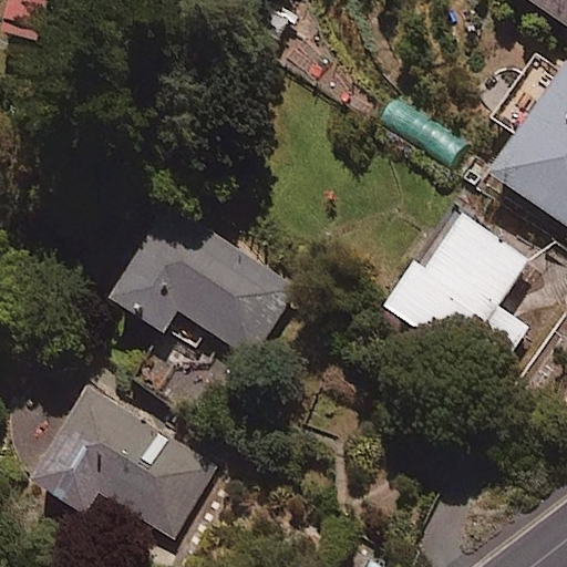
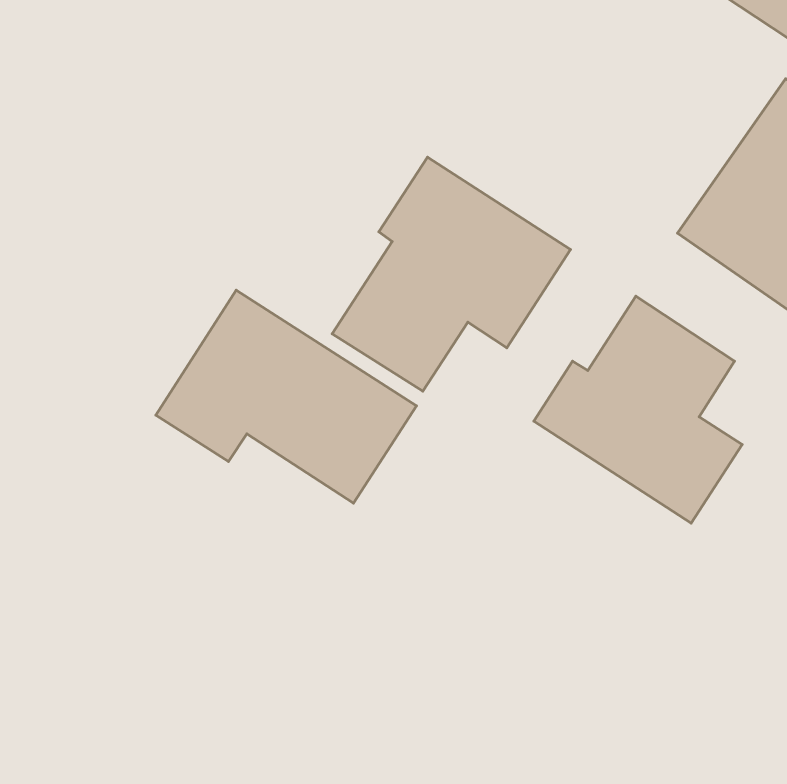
building: none -> [332,157,570,391]
building: [29,384,218,537] -> none

